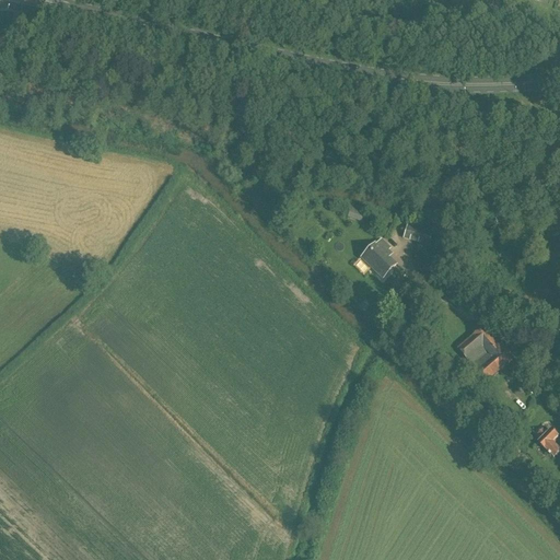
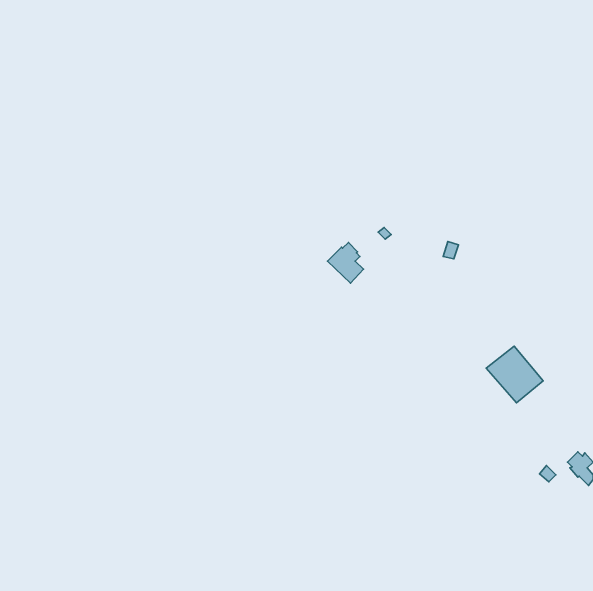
building: [361,238,395,277] -> [327,242,363,283]

